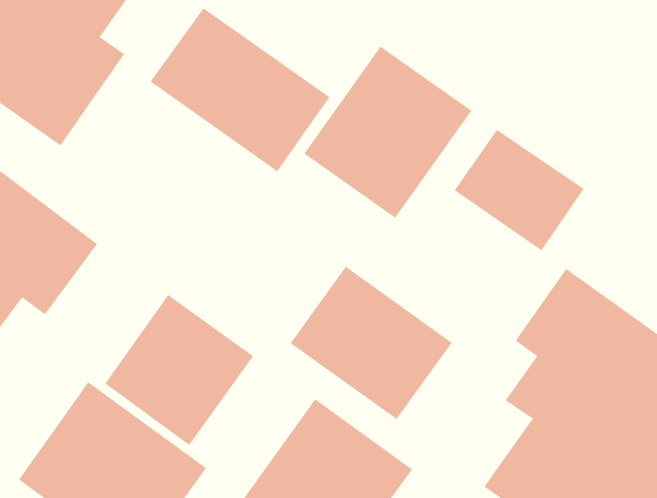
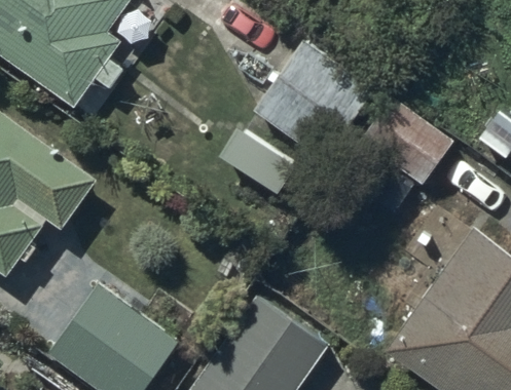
building: [150,8,330,172] -> none
building: [290,266,452,420] -> none
building: [104,294,254,446] -> none

